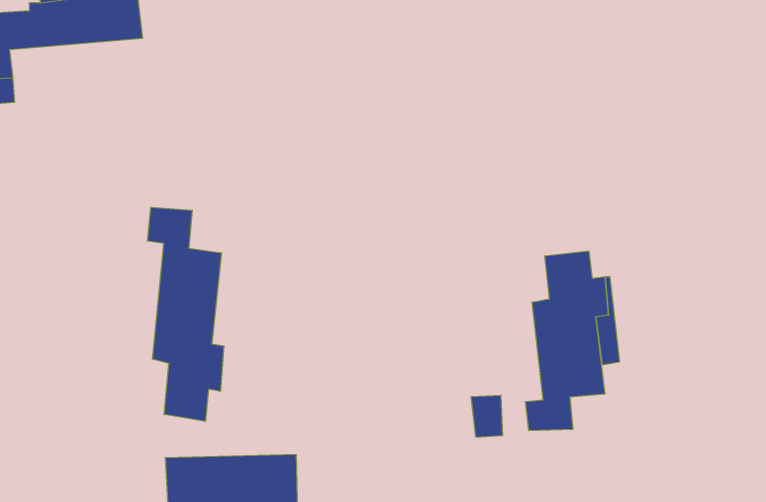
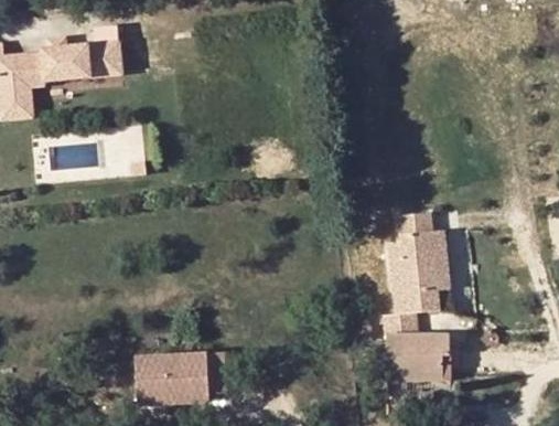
building: [148,207,224,421] -> none
building: none -> [387,338,451,382]

